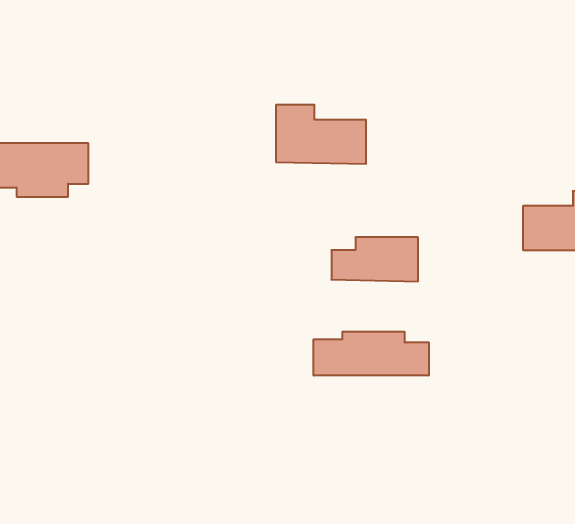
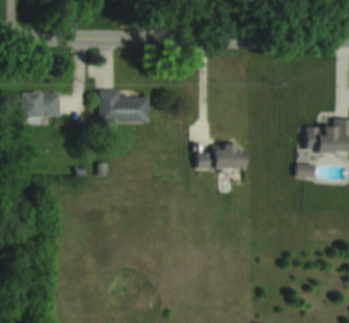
building: [276,105,366,164] -> [100,88,151,122]
building: [314,332,429,376] -> none

